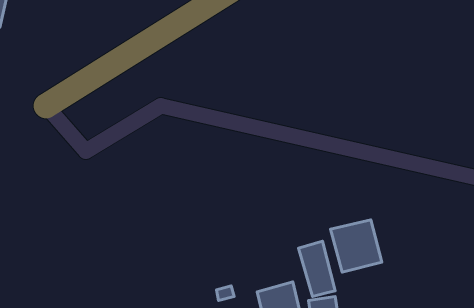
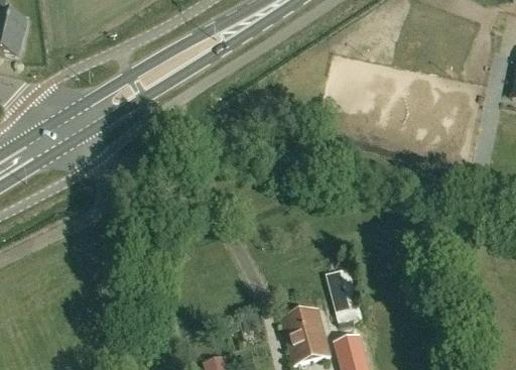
building: [331,220,382,272] -> none

